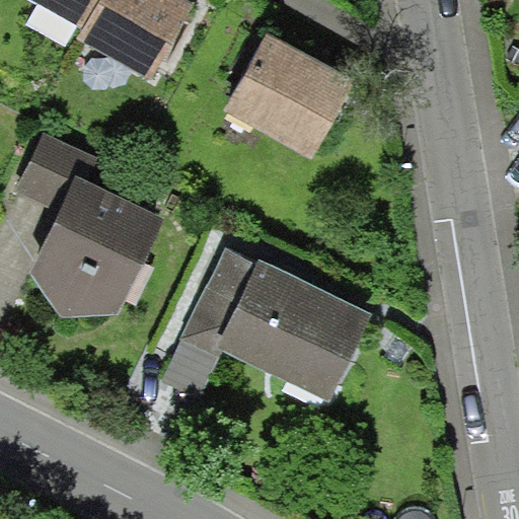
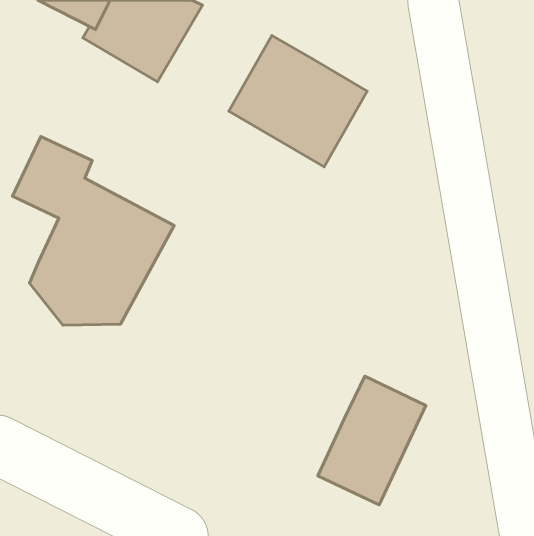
building: [161,245,372,403] -> none
building: none -> [318,376,426,505]

